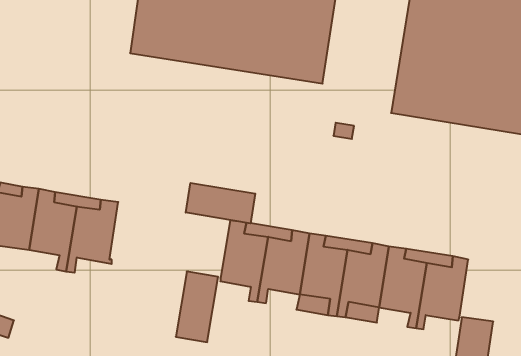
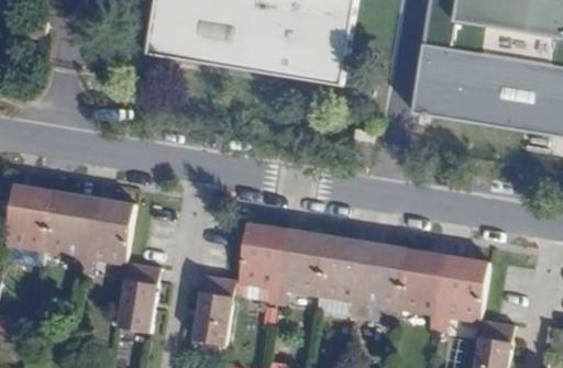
building: [186,183,255,223] -> none
building: none -> [117,263,159,335]

